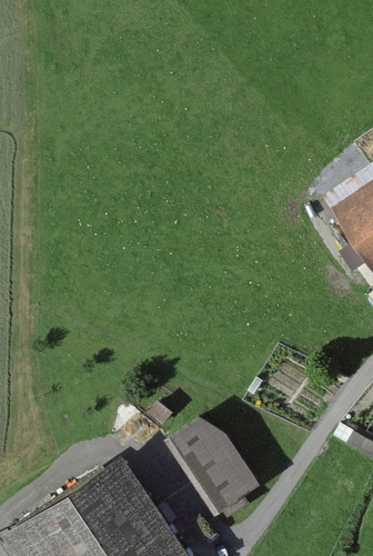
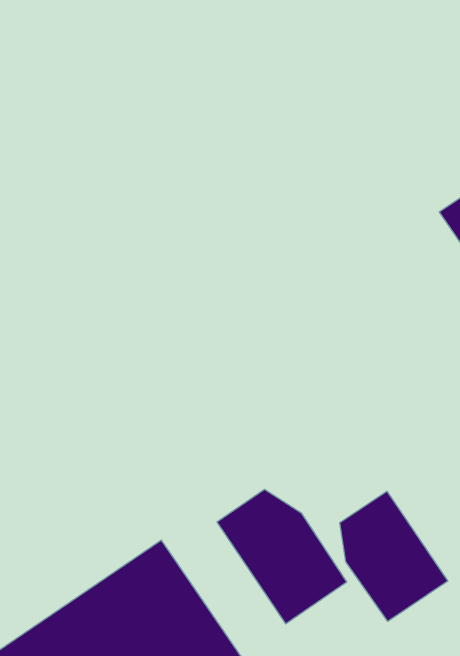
building: none -> [340,491,448,621]

